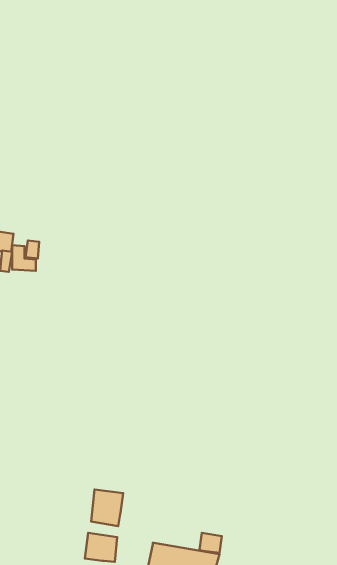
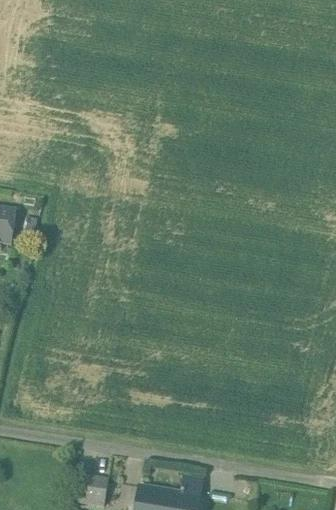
building: [91,490,123,526] -> none

